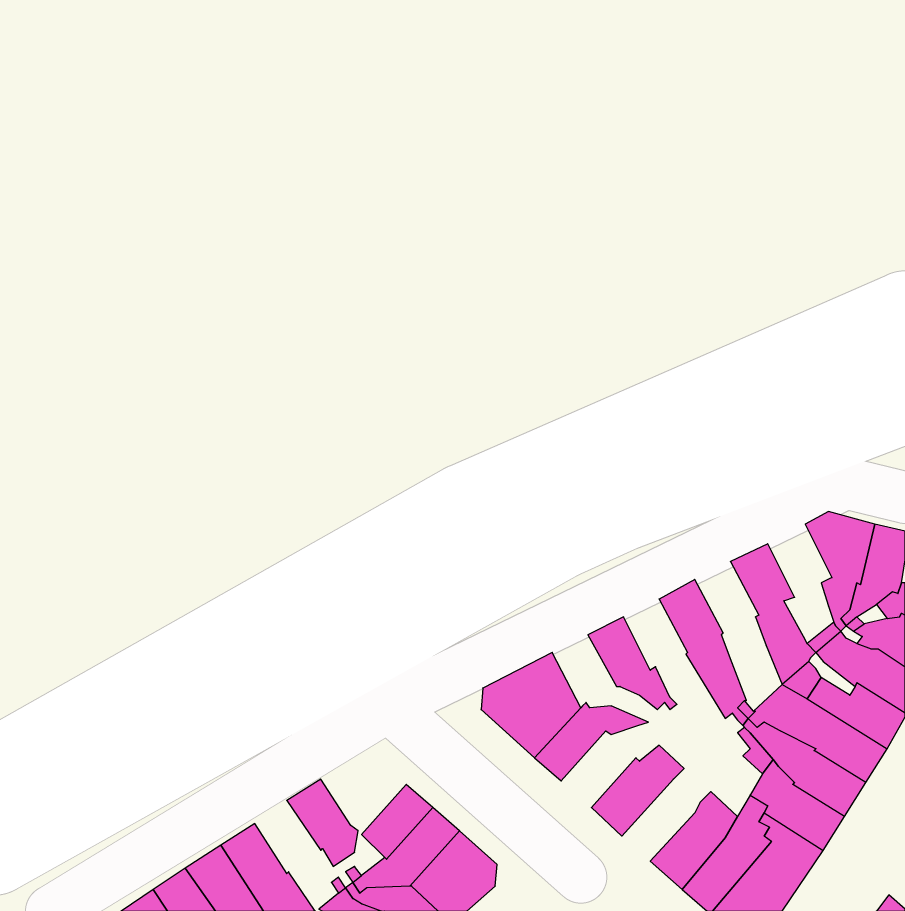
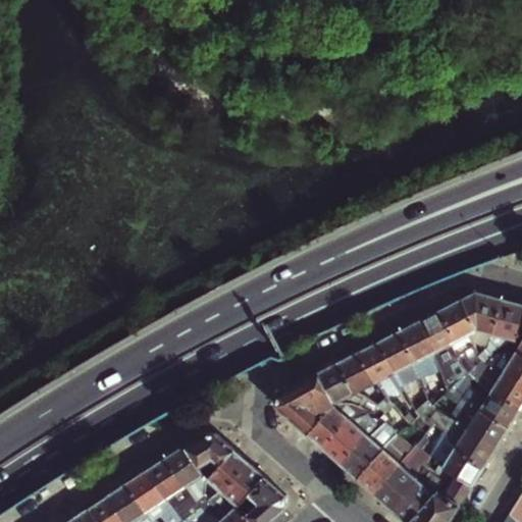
building: none -> [439,300,476,364]
building: none -> [398,321,438,379]
building: none -> [357,343,422,424]
building: none -> [316,363,383,413]
building: none -> [321,415,377,462]
building: none -> [184,433,232,477]
building: none -> [356,436,410,492]
building: none -> [146,458,184,500]

